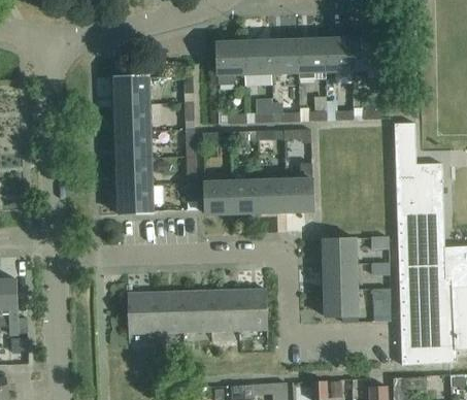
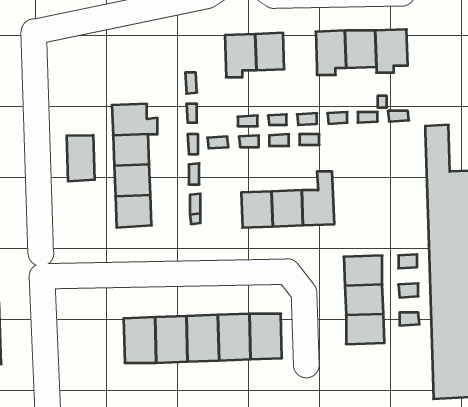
building: [268,40,298,73] -> none
building: [115,76,147,105] -> none
building: none -> [67,135,95,181]
building: [204,182,232,214] -> none

